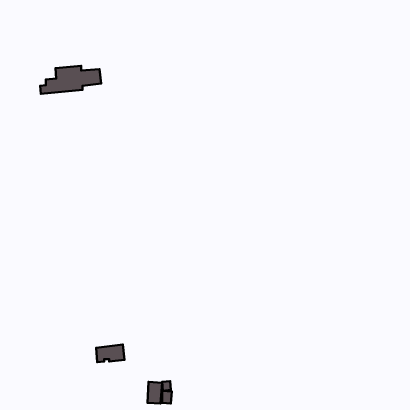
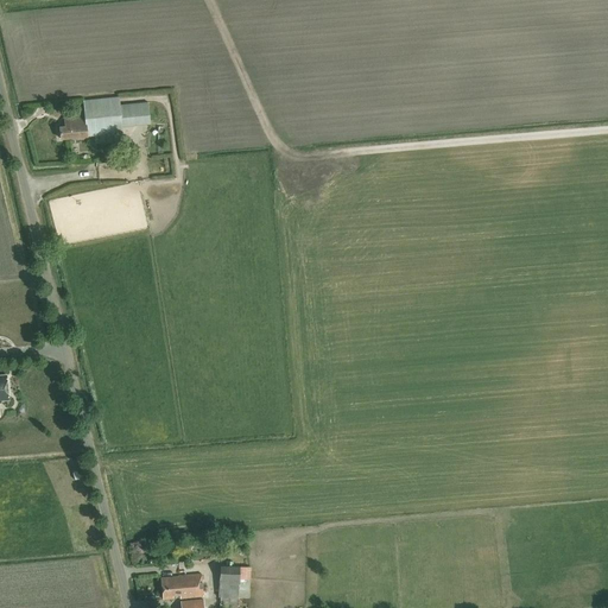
building: [96,345,124,362] -> [162,574,203,600]

